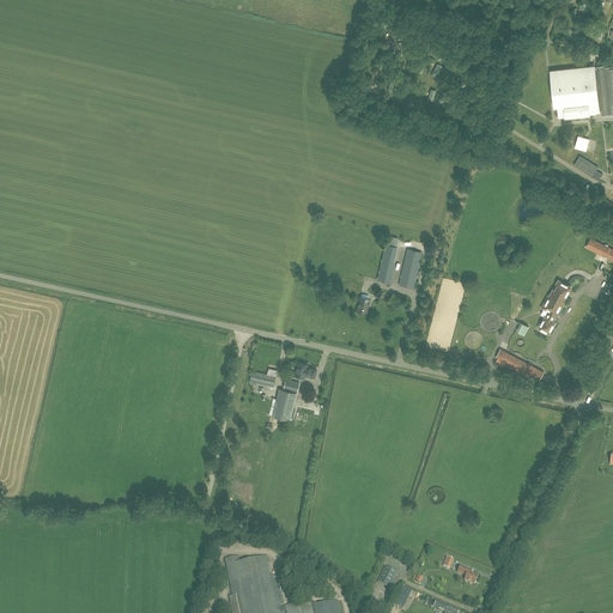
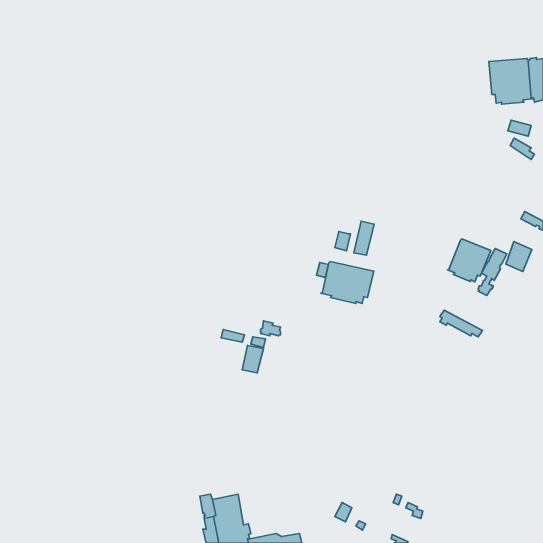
building: none -> [448,239,491,282]
building: none -> [506,242,532,271]
building: none -> [321,261,374,303]

